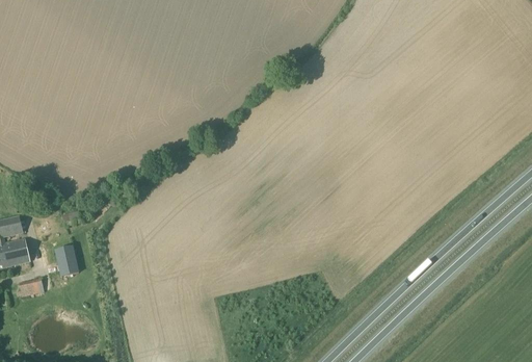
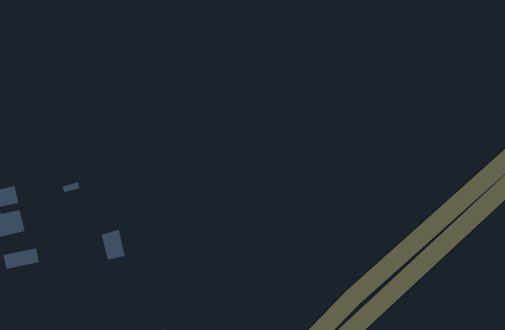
building: [54,244,79,276] -> [101,229,126,260]

